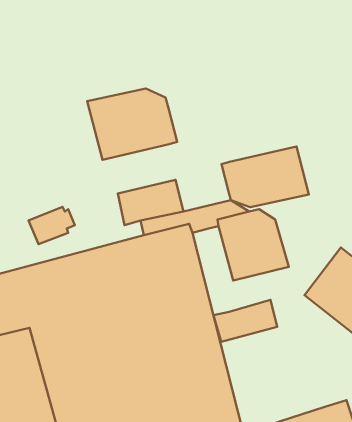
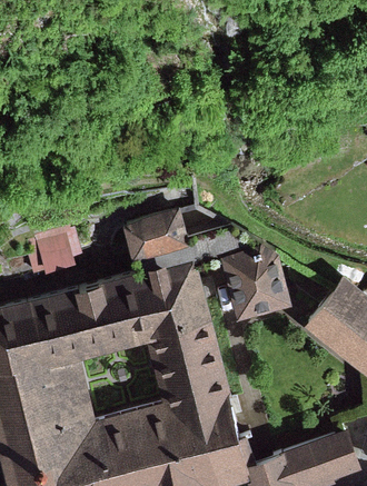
building: [87,88,177,160] -> none
building: [221,147,309,207] -> none
building: [213,300,277,342] -> none

